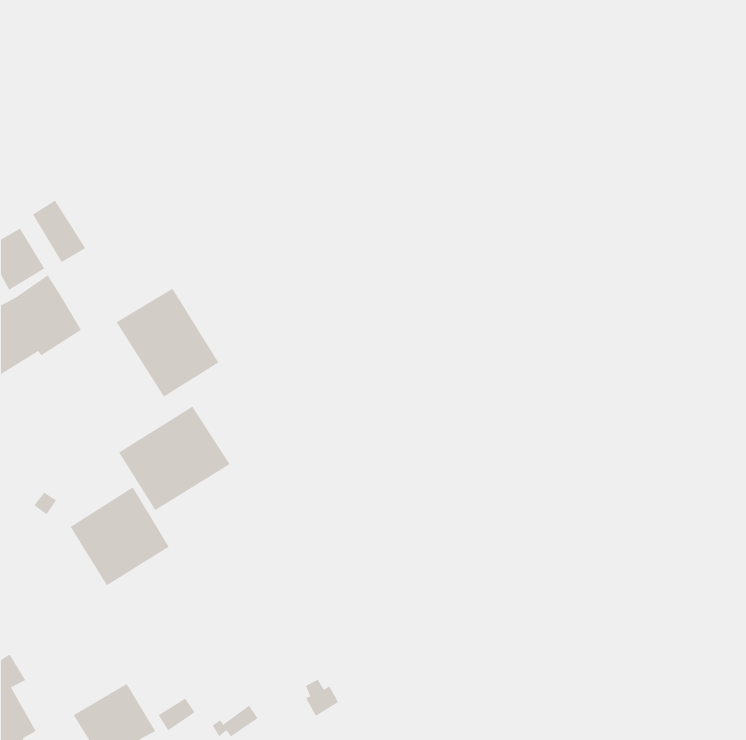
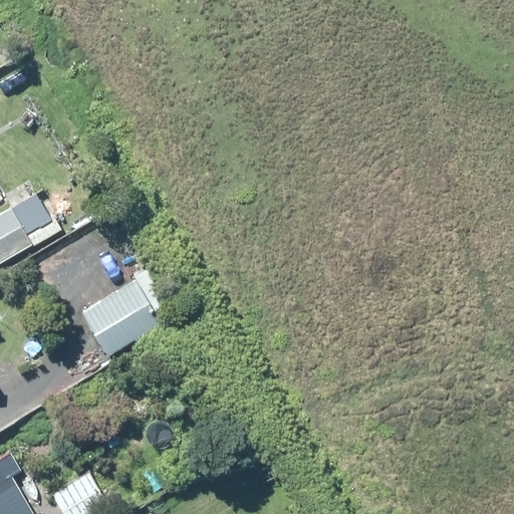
building: [116,288,219,397] -> none
building: [70,486,169,586] -> none

